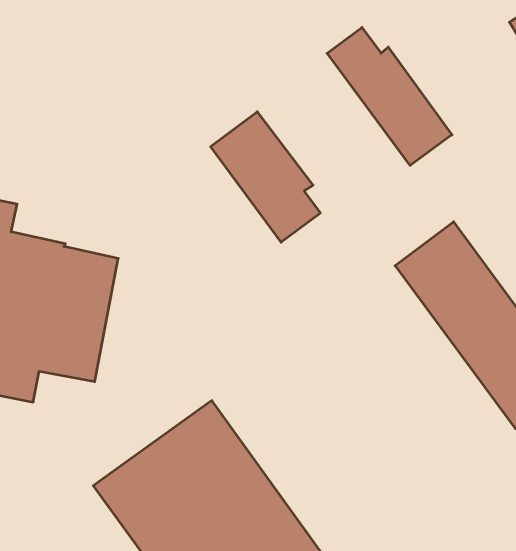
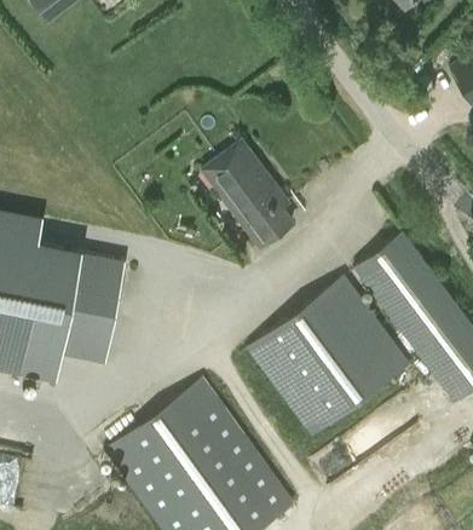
building: [327,27,452,165] -> none
building: none -> [248,277,409,436]

